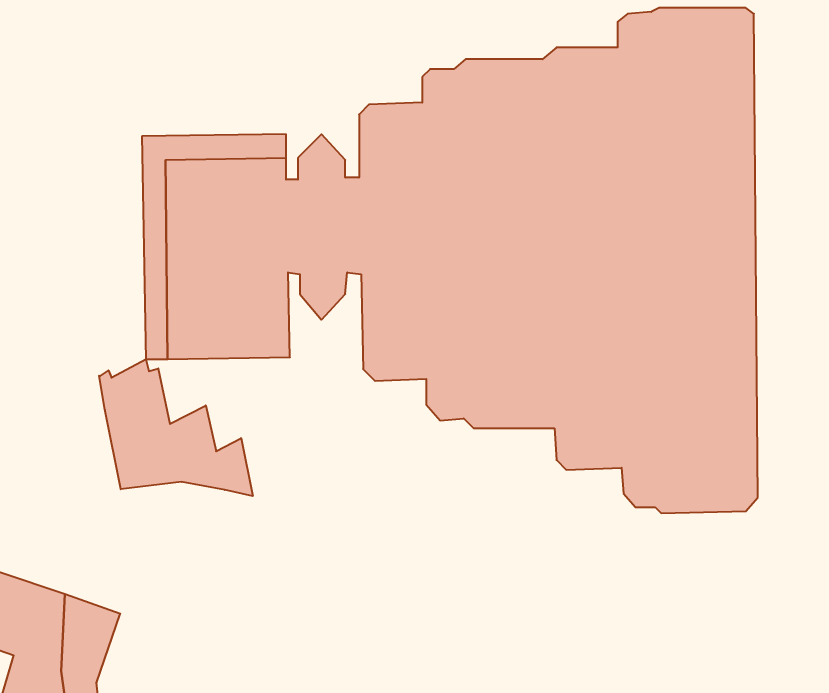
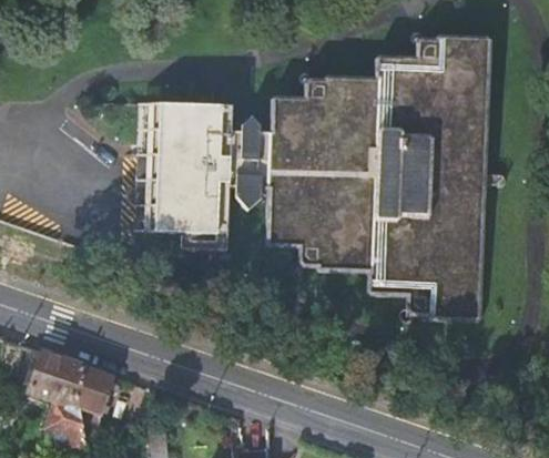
building: [99,359,253,496] -> none

